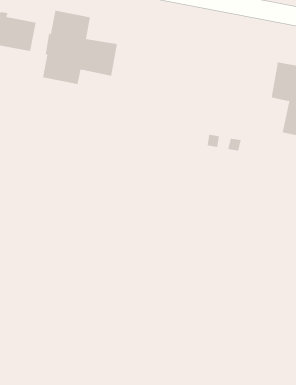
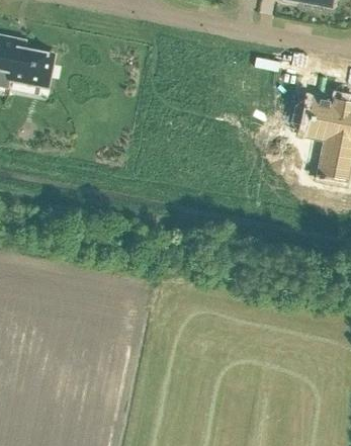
building: [43,10,117,85] -> none

